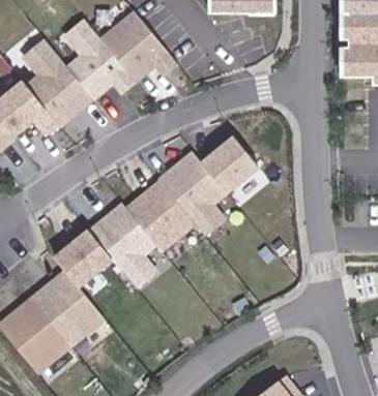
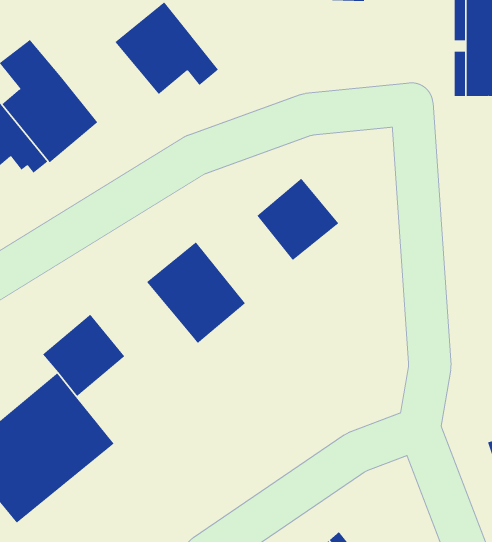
building: [74,16,141,93] -> none
building: [165,146,235,231] -> none
building: [94,197,163,282] -> none

